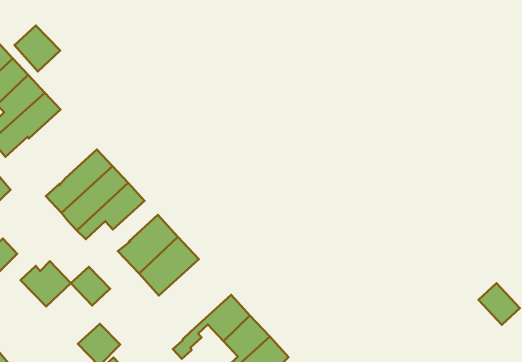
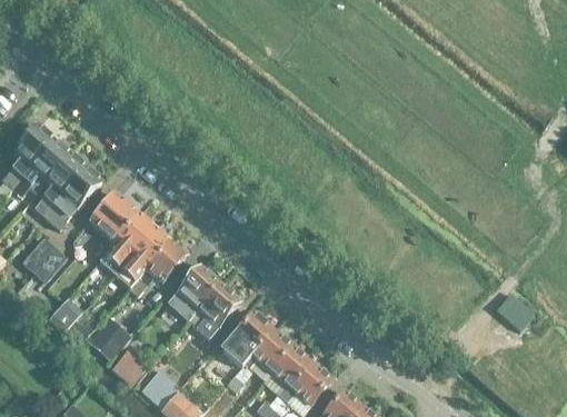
building: [15,25,60,72] -> none
building: none -> [89,193,139,241]
building: [71,267,110,306] -> [112,347,148,381]
building: none -> [221,312,273,366]

